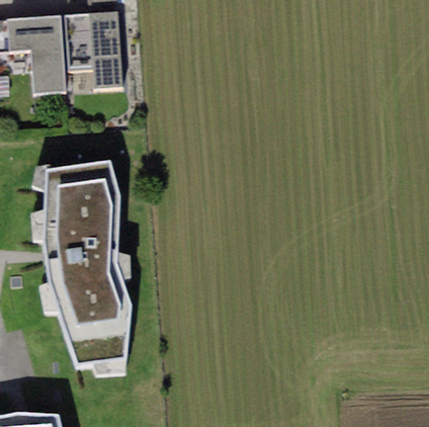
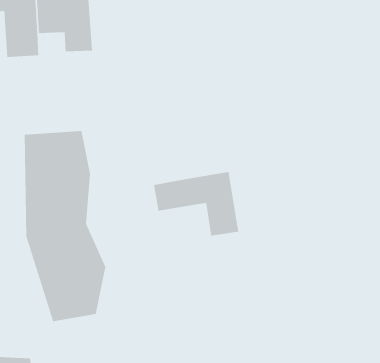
building: none -> [153,171,239,237]

